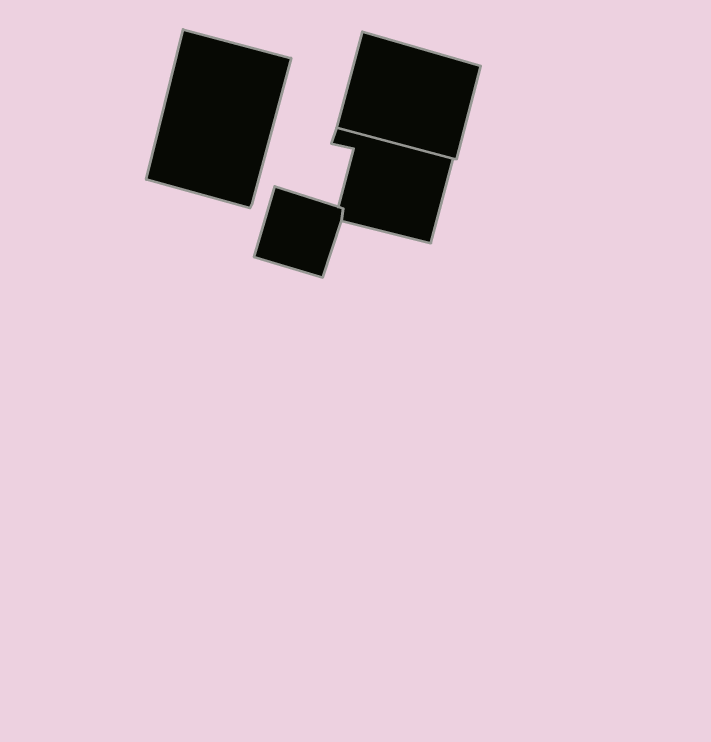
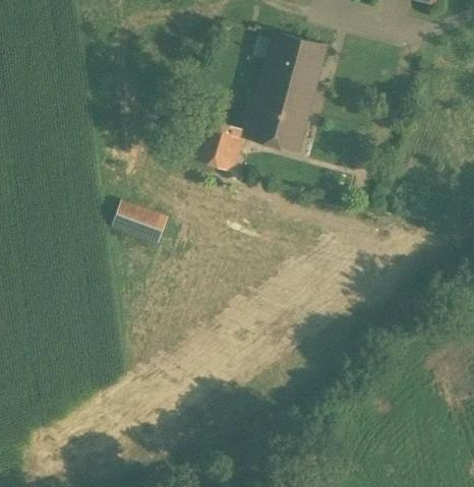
building: [146,29,291,208] -> none
building: none -> [113,199,168,241]

